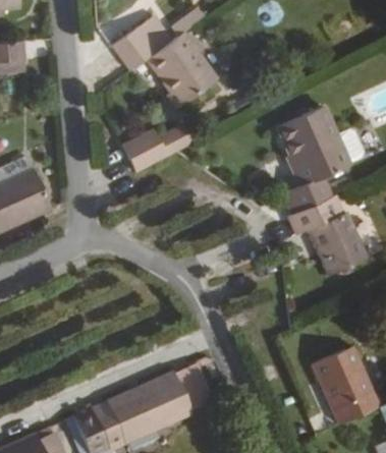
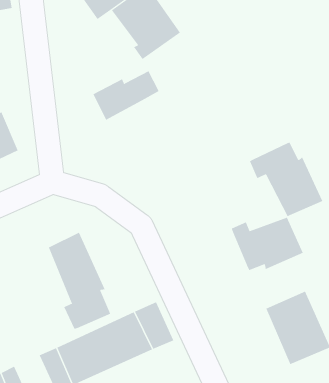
building: [278,105,350,214] -> none
building: none -> [231,217,303,271]
building: none -> [48,232,111,329]

